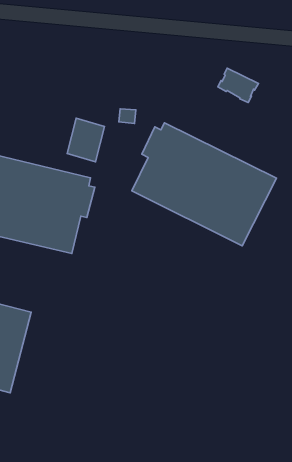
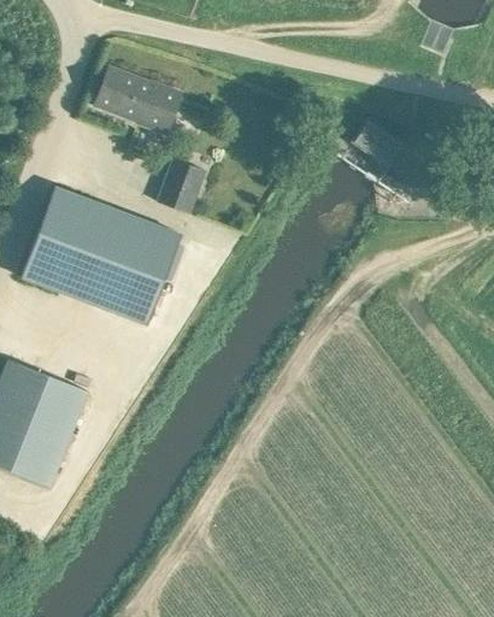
building: none -> [95,66,181,133]
building: [132,123,276,246] -> none

